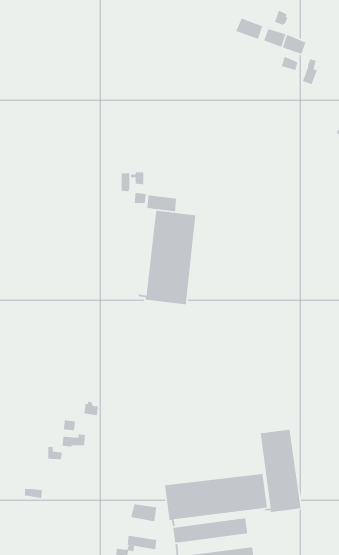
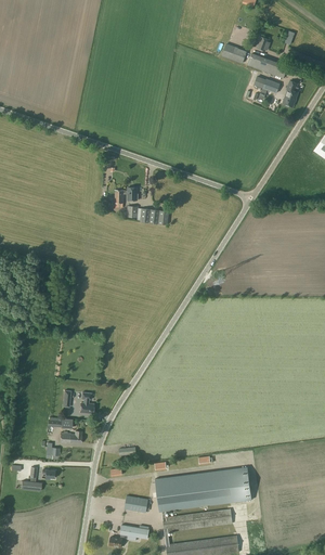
building: [138,210,196,305] -> none
building: [260,429,302,513] -> none

